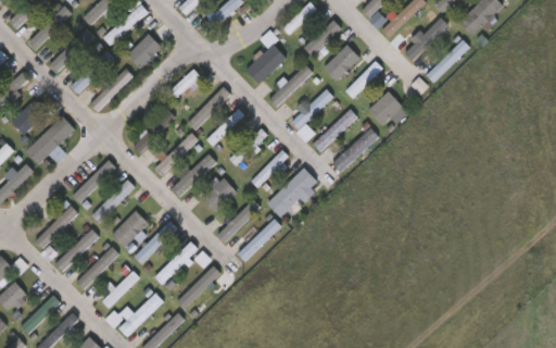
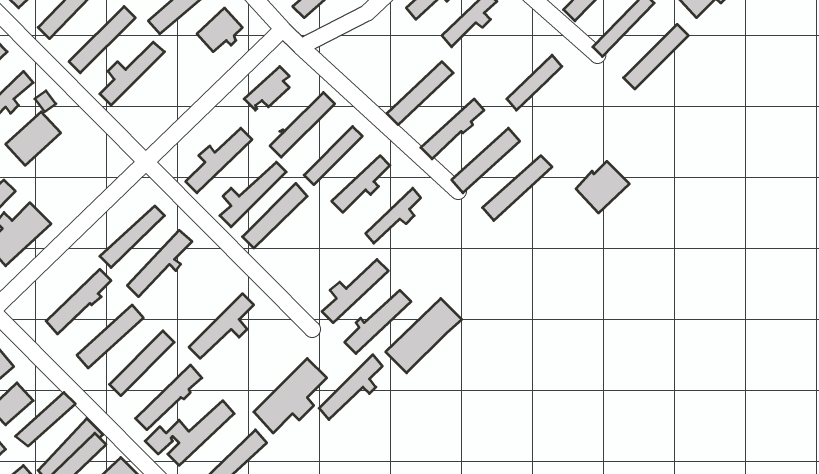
building: [242,45,283,84] -> none
building: [323,47,358,82] -> none
building: [91,67,135,111] -> none
building: [365,90,401,125] -> [576,161,629,213]
building: [27,116,78,165] -> none
building: [266,166,317,216] -> [386,298,462,373]
building: [201,176,237,211] -> none
building: [111,209,148,247] -> none
building: [154,240,197,284] -> [319,355,382,420]

